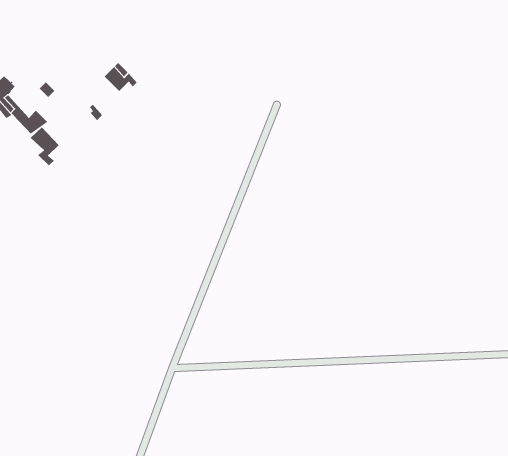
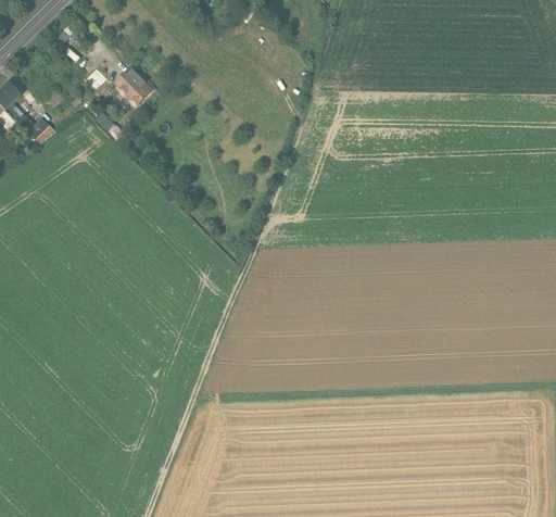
building: [30,127,60,166] -> none

